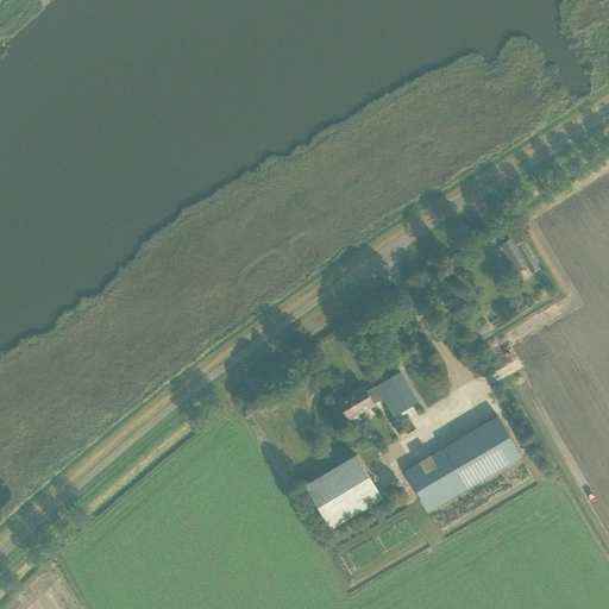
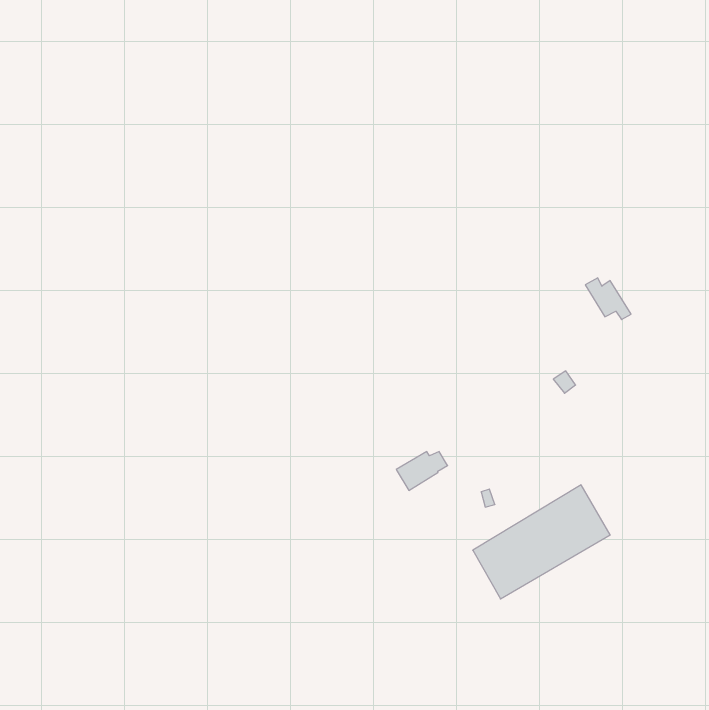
building: [375,371,416,415] -> none
building: [304,454,383,529] -> none

